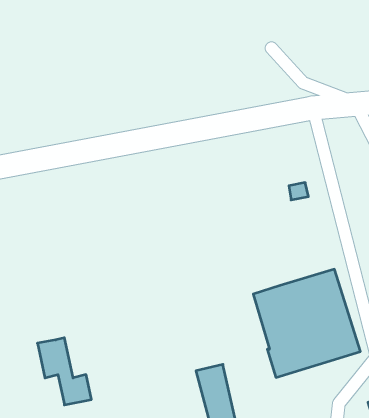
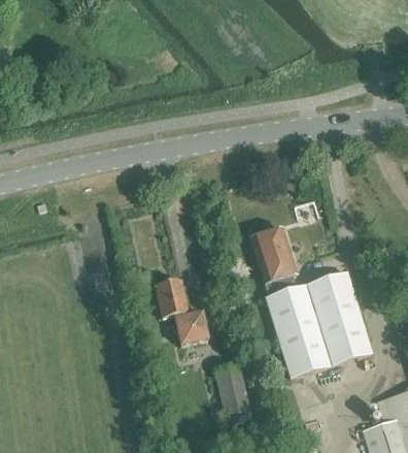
building: none -> [250,226,296,285]
building: [37,338,91,405] -> [155,283,206,347]

